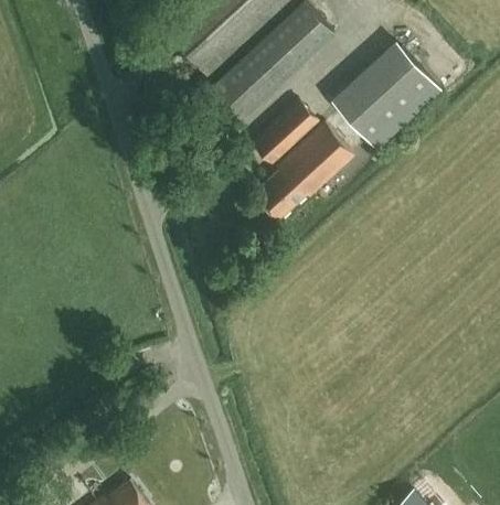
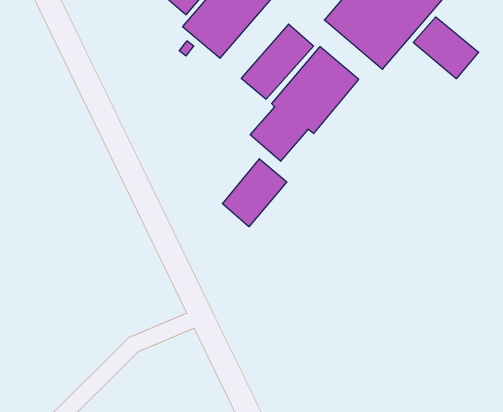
building: none -> [413,17,479,79]
building: none -> [222,159,287,227]

